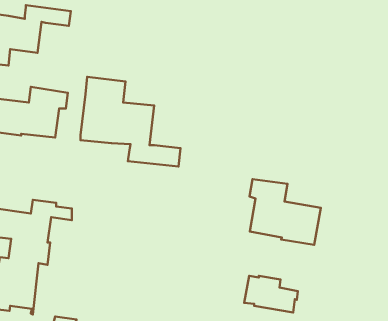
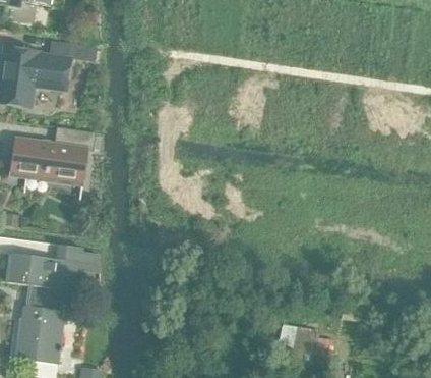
building: [80,77,181,167] -> none
building: [250,179,321,245] -> none

